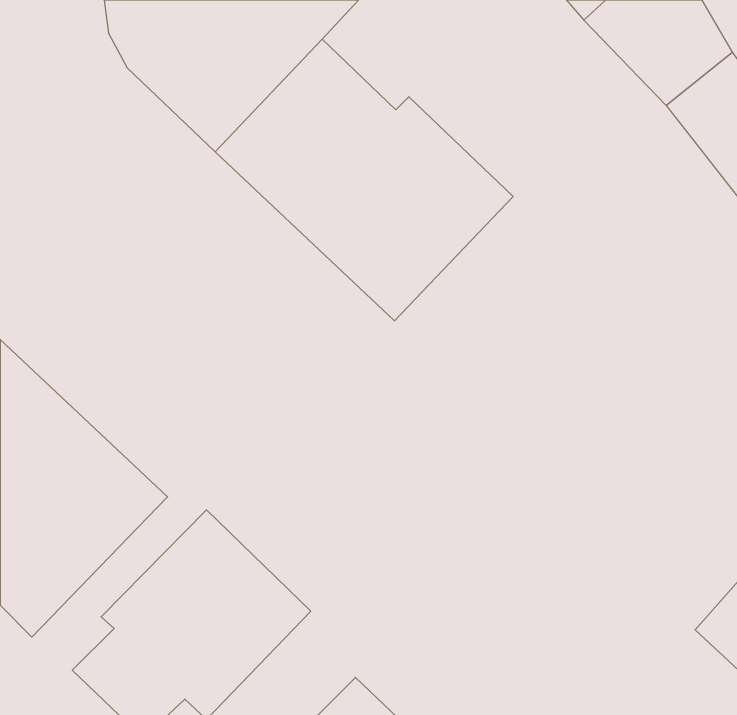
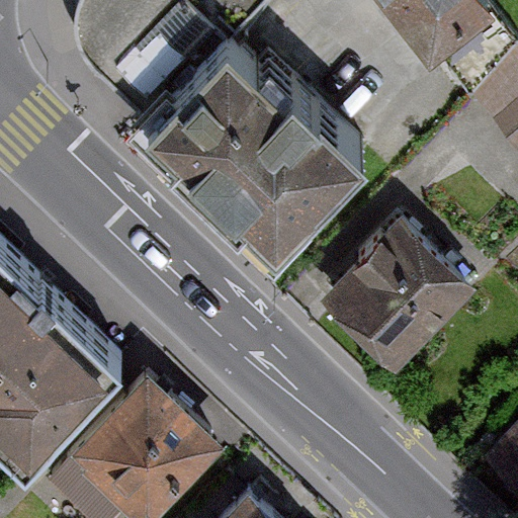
building: none -> [322,221,471,370]

